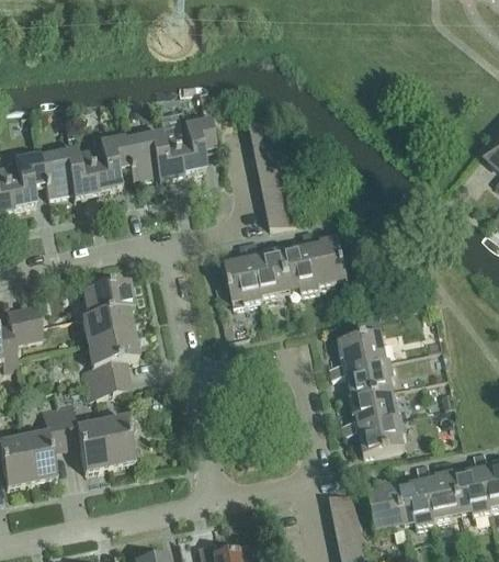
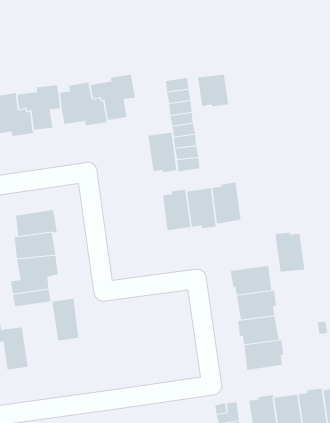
building: none -> [197,74,229,107]
building: [224,255,261,303] -> [147,132,177,173]
building: none -> [275,232,305,273]
building: [99,413,134,464] -> [51,298,79,341]

